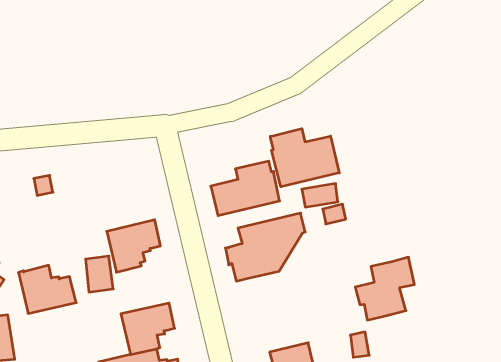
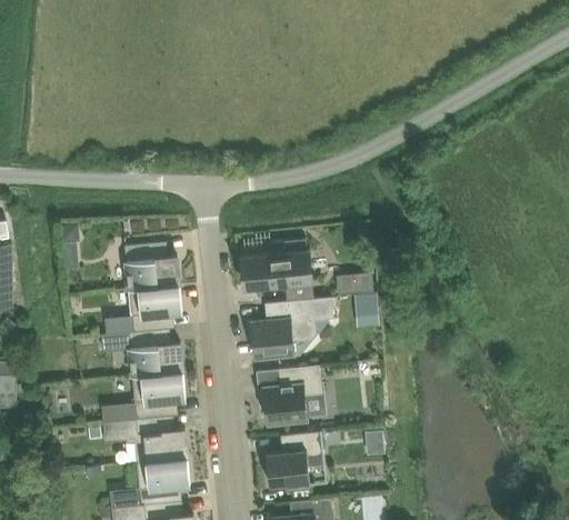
building: [270,129,339,187] -> none
building: none -> [123,243,179,290]
building: [355,257,414,320] -> [259,366,320,424]
building: [18,265,76,313] -> [127,330,182,377]

